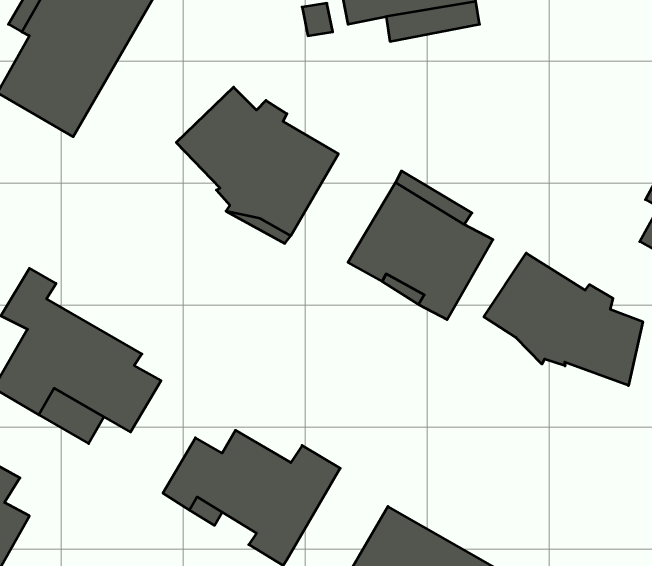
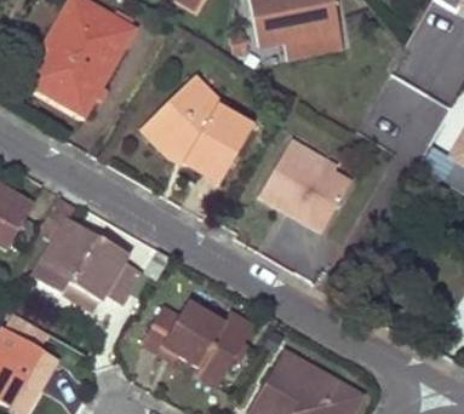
building: [484,253,643,386] -> none

